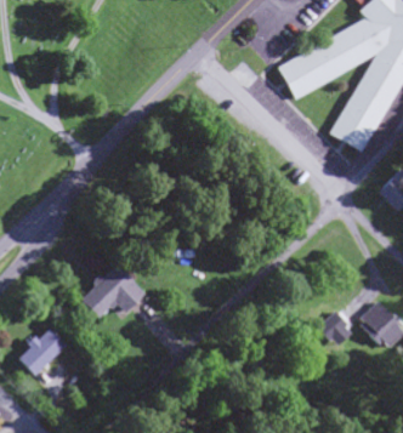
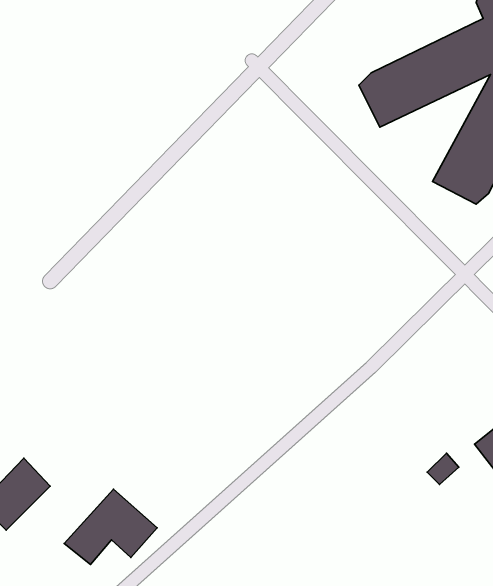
building: [81,267,146,319] -> [64,489,157,565]

